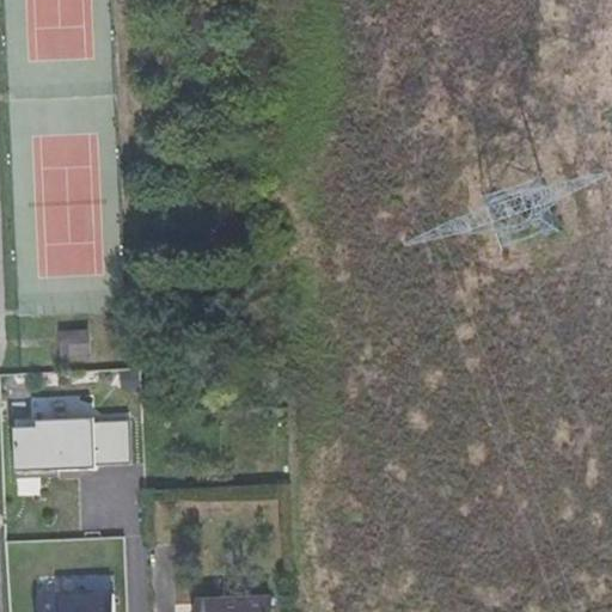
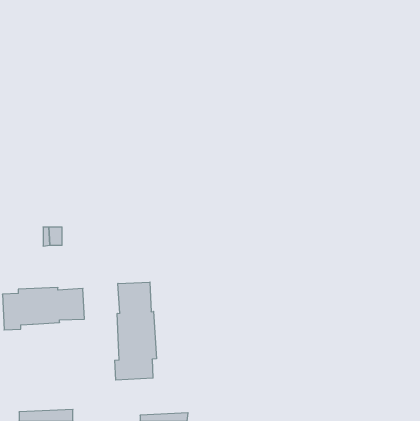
building: none -> [115,282,156,380]

